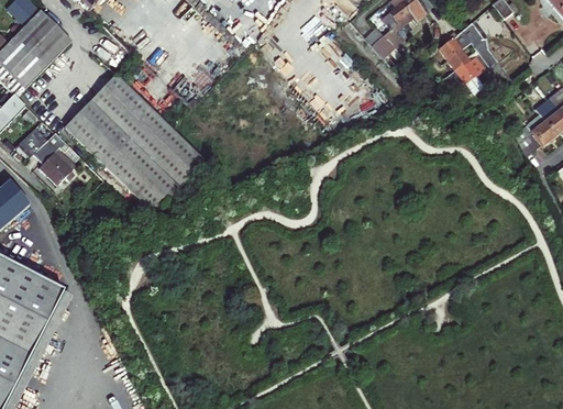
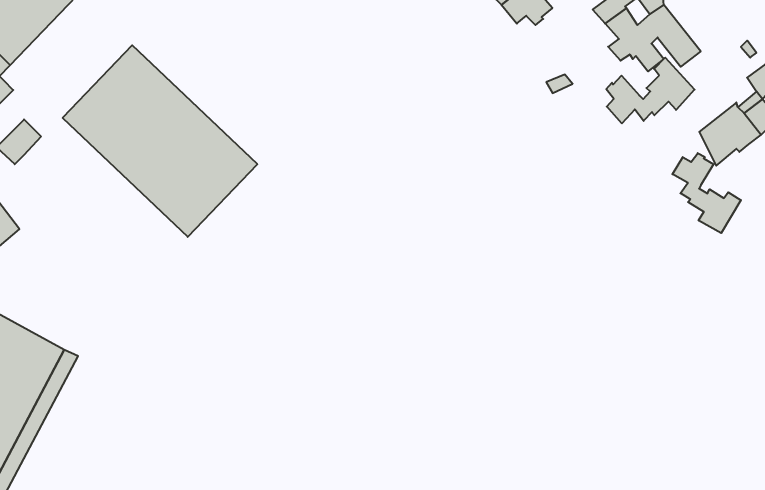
building: none -> [606,58,695,123]
building: [33,131,80,185] -> none
building: none -> [672,153,741,233]

